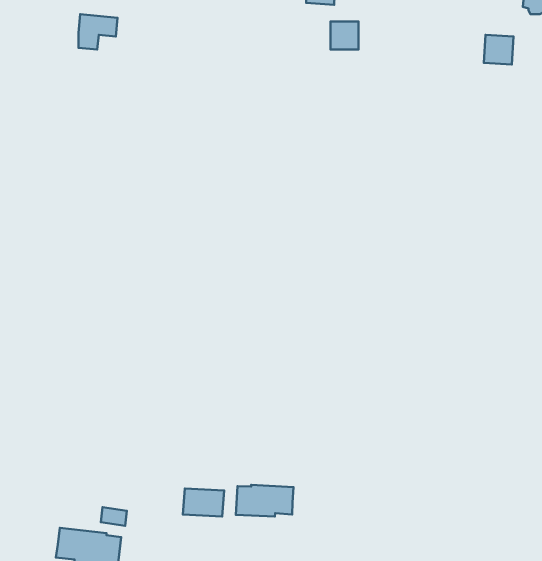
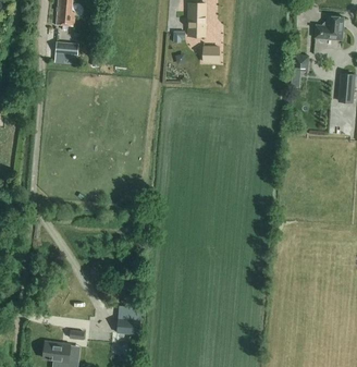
building: [236,485,293,516] -> none

